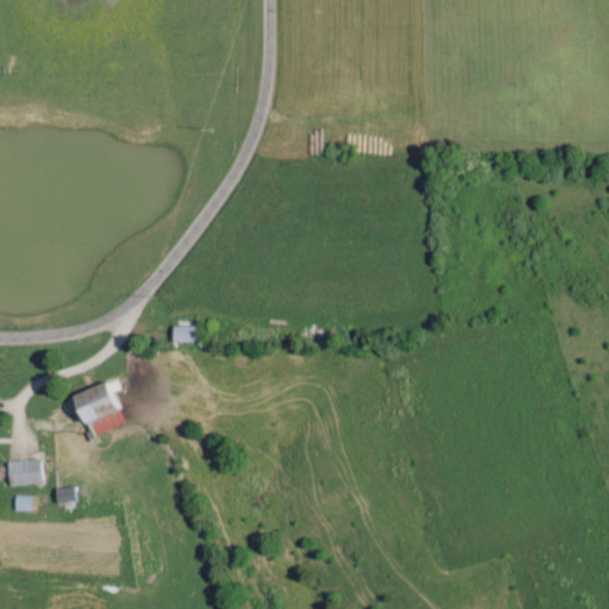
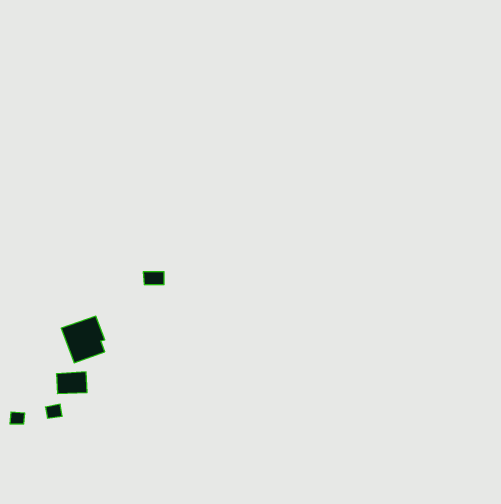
building: [5,459,42,485] -> [56,372,87,394]

